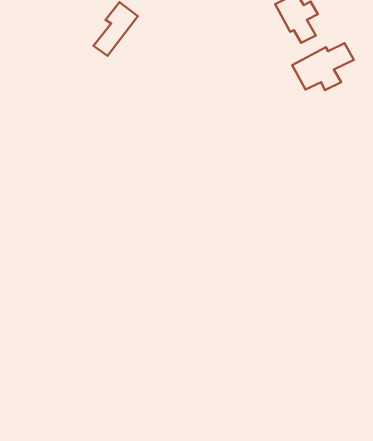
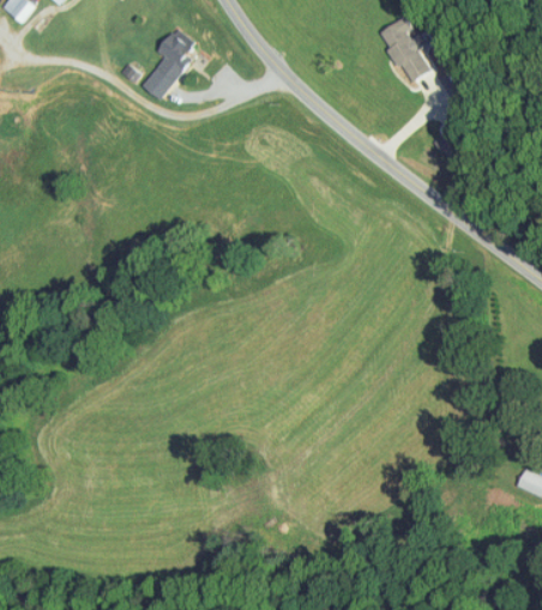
building: [292,43,354,90] -> none

